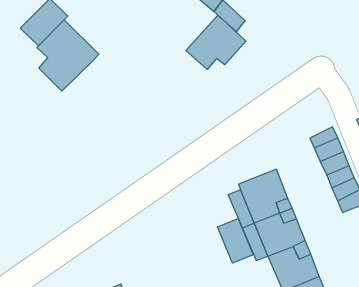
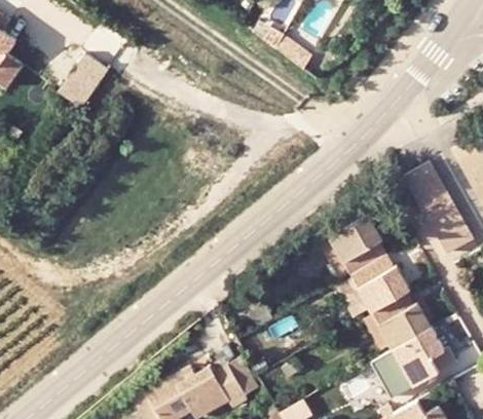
building: [186,15,246,69] -> none
building: [37,20,99,91] -> none
building: [218,218,253,263] -> none

